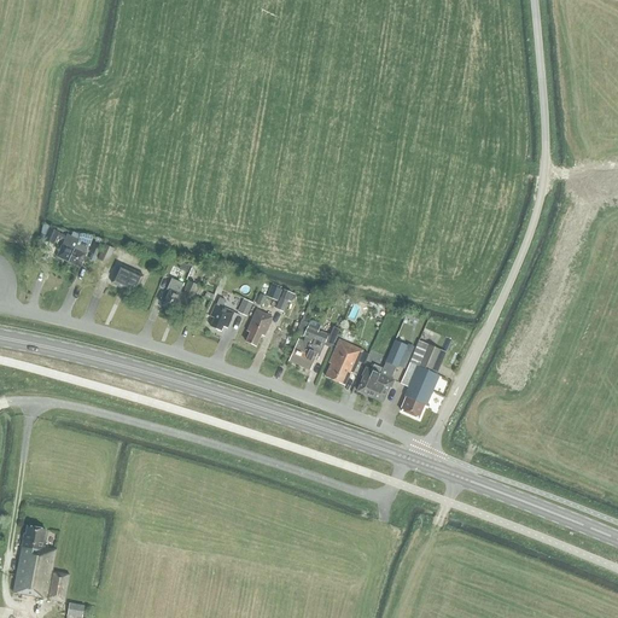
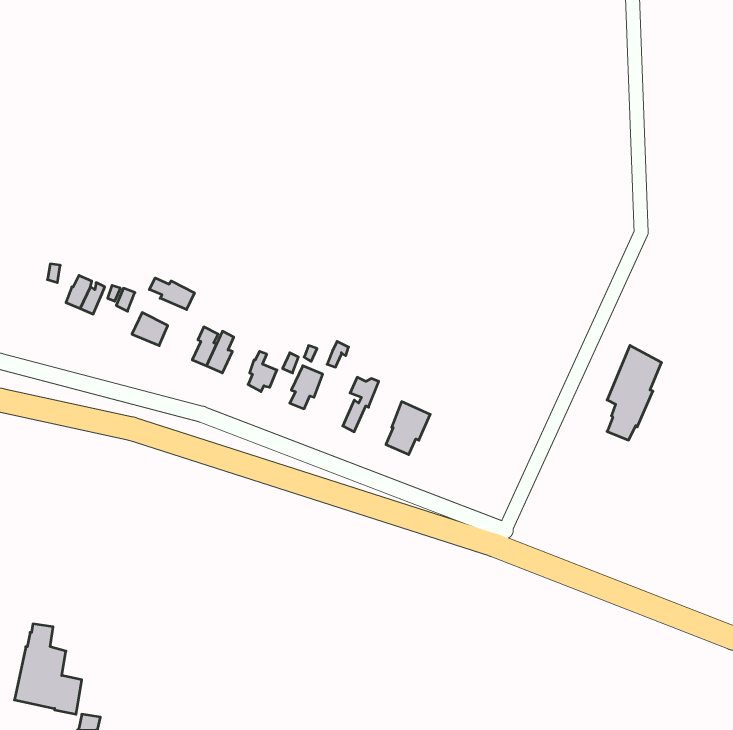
building: none -> [149,278,194,310]
building: [298,321,339,368] -> none
building: [400,336,445,415] -> [607,345,662,440]
building: [356,339,406,400] -> none

